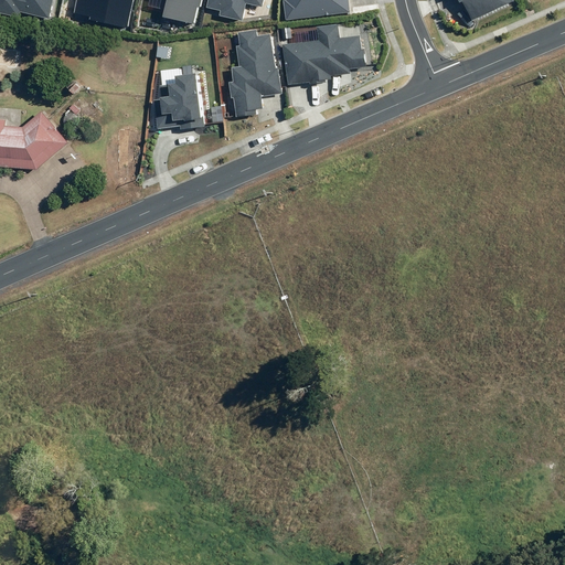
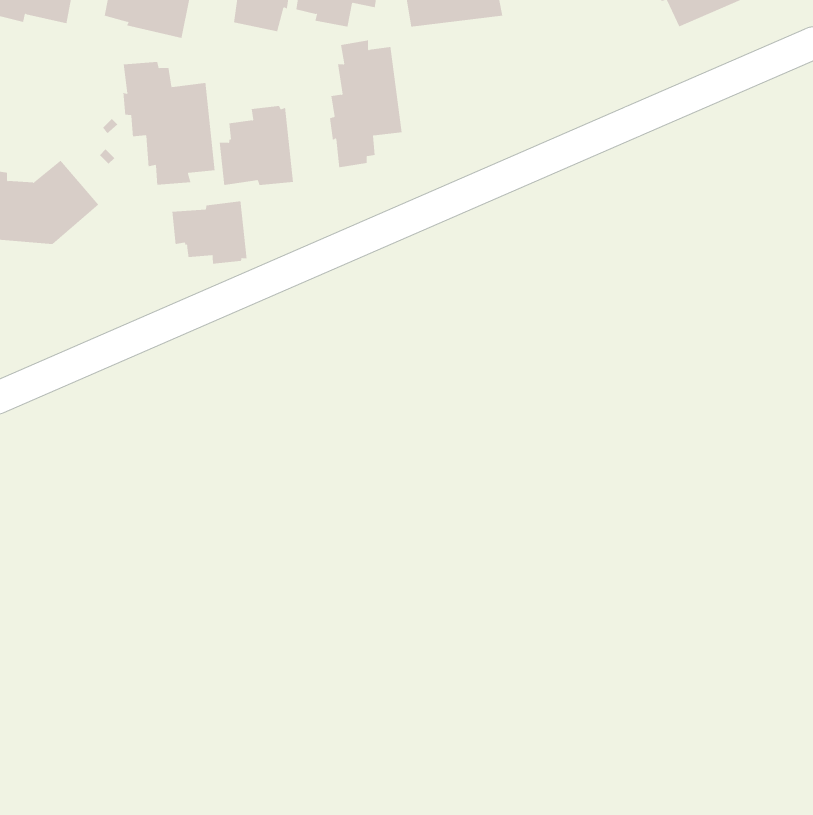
building: [280,23,365,84] -> none
building: none -> [123,61,215,185]
building: none -> [172,201,247,264]

